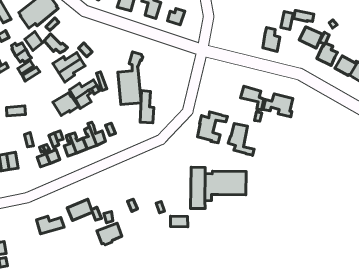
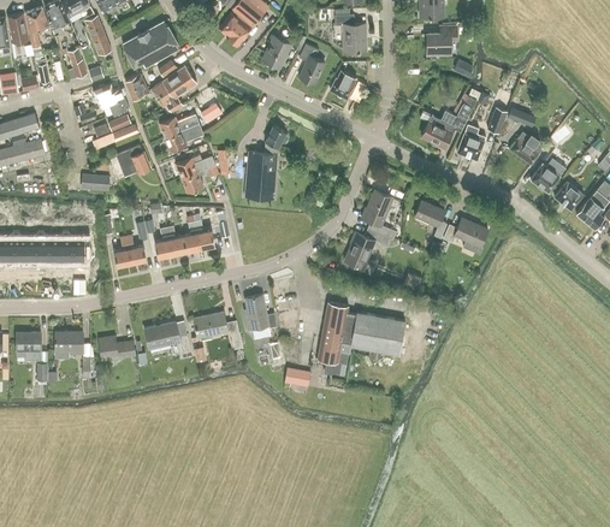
building: none -> [420,96,476,148]
building: none -> [162,66,196,99]
building: [140,90,154,123] -> none
building: [53,93,78,115] -> [116,146,150,176]
building: [228,123,254,155] -> [361,191,396,241]
building: none -> [244,296,277,331]
building: none -> [55,332,83,359]
building: [97,223,122,245] -> [194,313,227,341]

